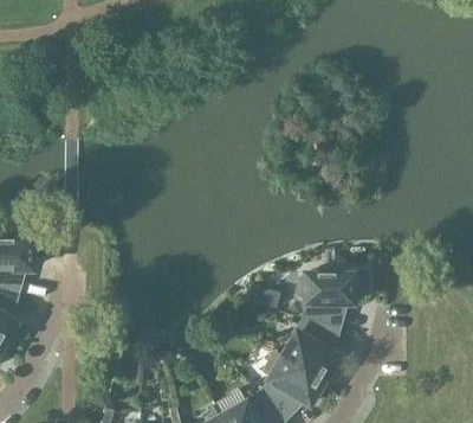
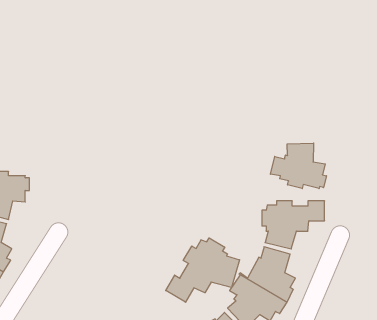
building: none -> [270,143,326,189]
building: none -> [166,238,240,302]

